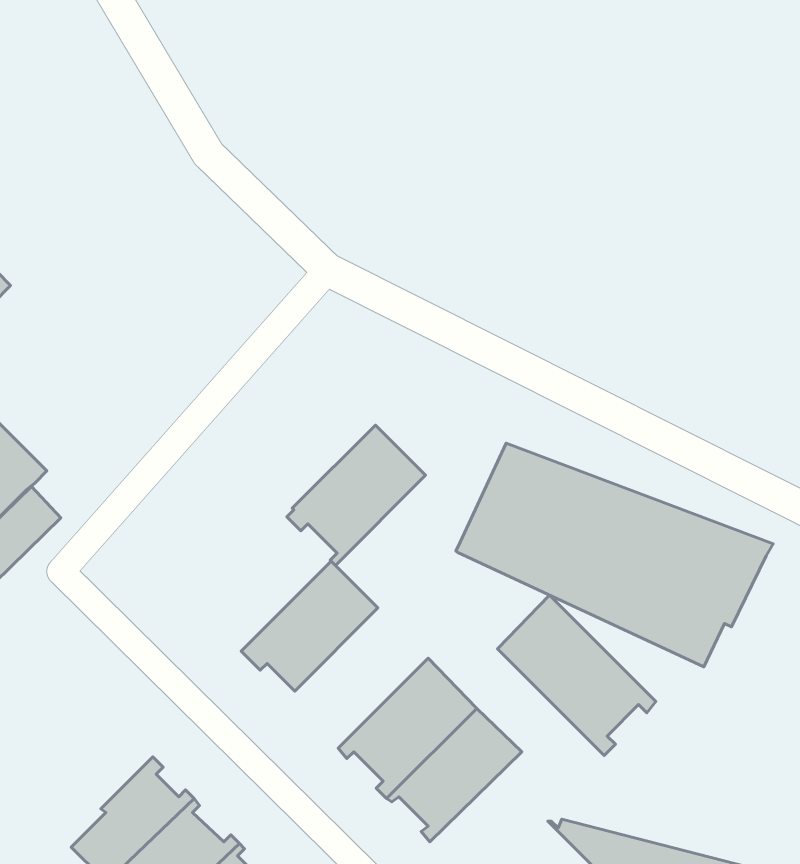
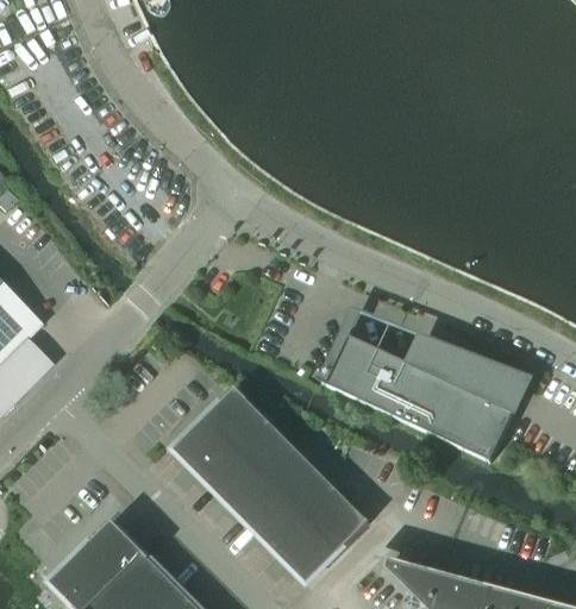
building: [287,425,426,565] -> [207,421,302,517]
building: [498,595,656,755] -> none

